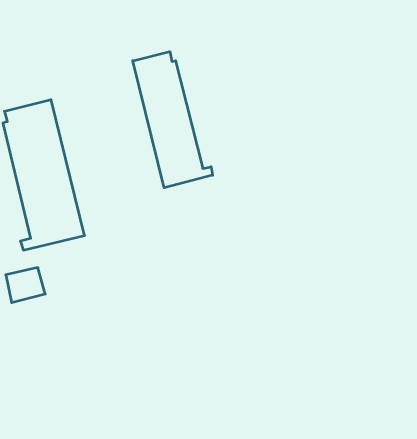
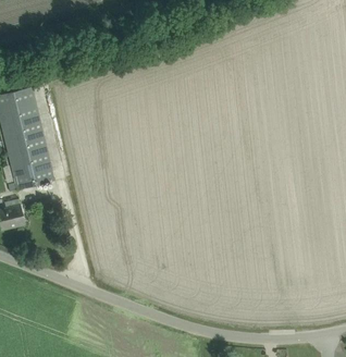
building: [133,52,213,188] -> none

